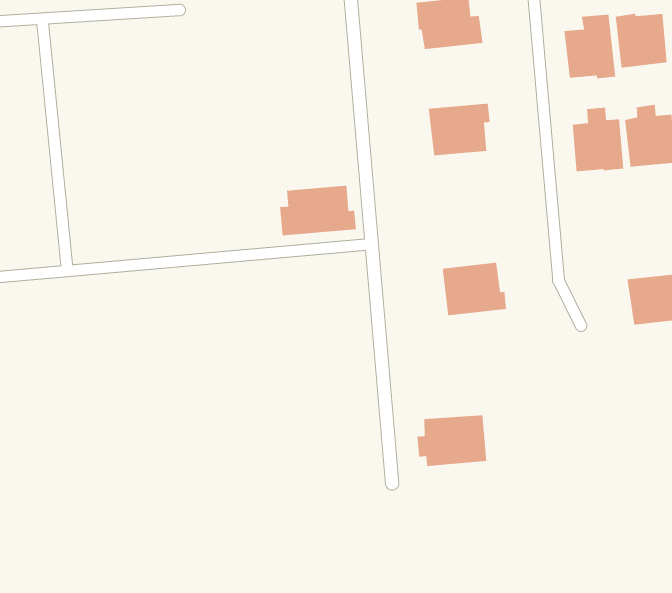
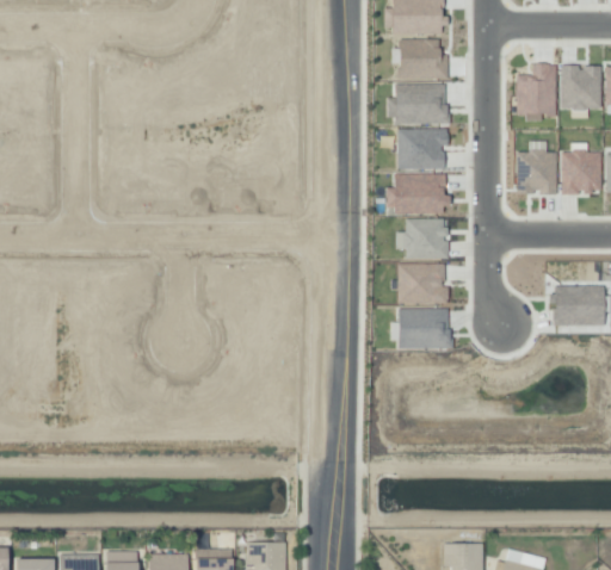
building: none -> [388,83,448,123]
building: [279,185,357,236] -> [387,174,450,212]
building: none -> [396,218,448,259]
building: [417,415,487,467] -> [393,308,450,348]

